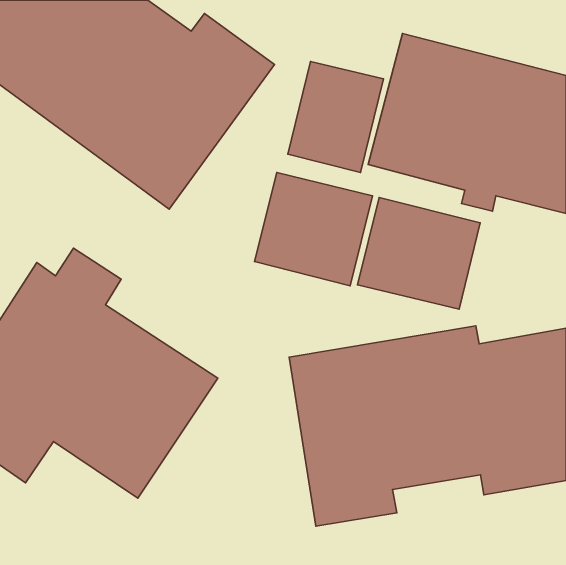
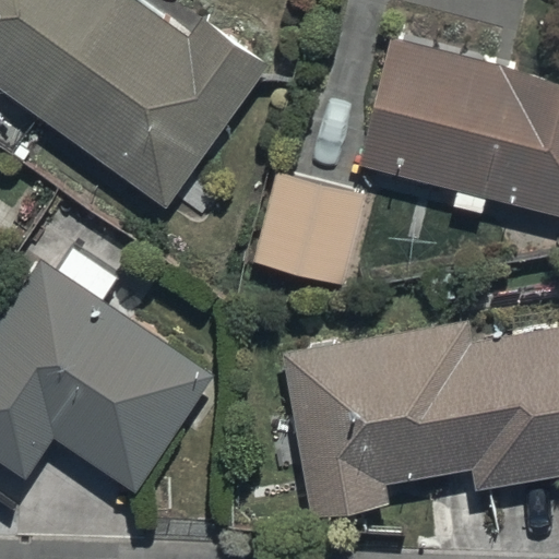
building: [288,62,384,172] -> none
building: [358,198,480,309] -> none

